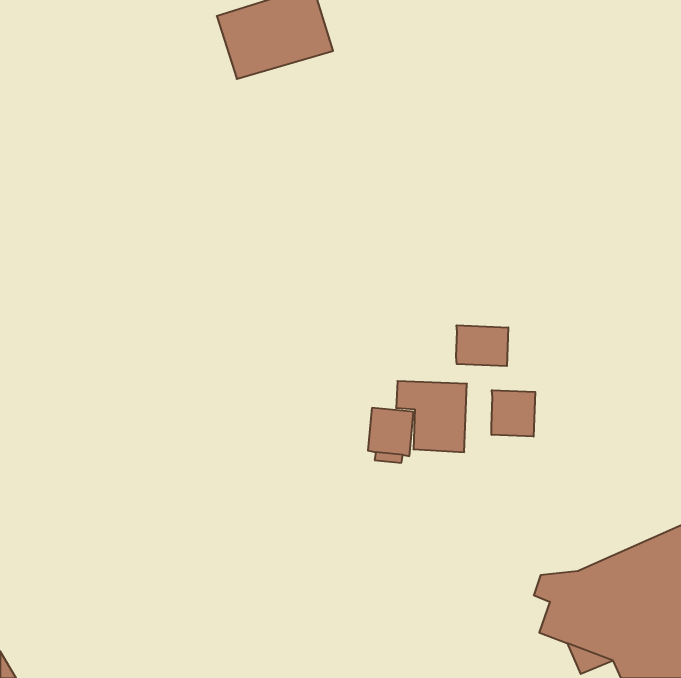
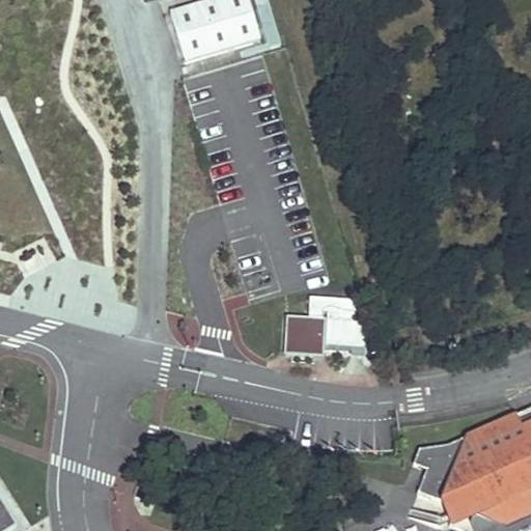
building: [456,325,508,366] -> none
building: [491,390,535,437] -> none

